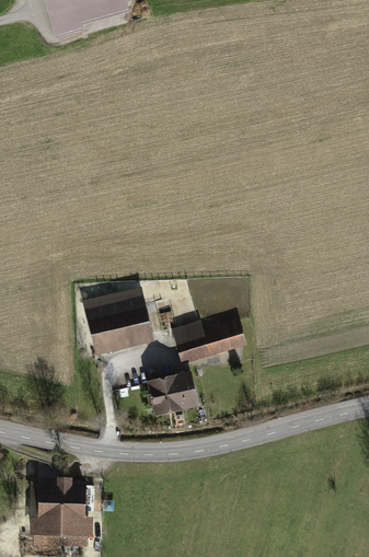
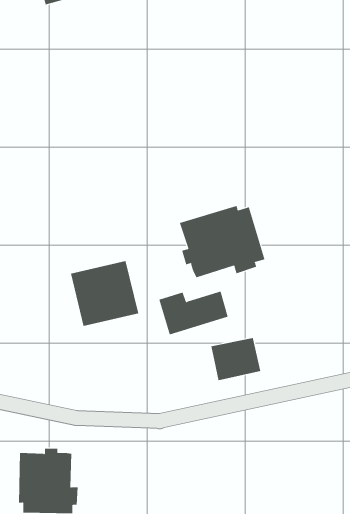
building: none -> [179,205,265,278]
building: [148,373,199,417] -> [210,338,261,381]

